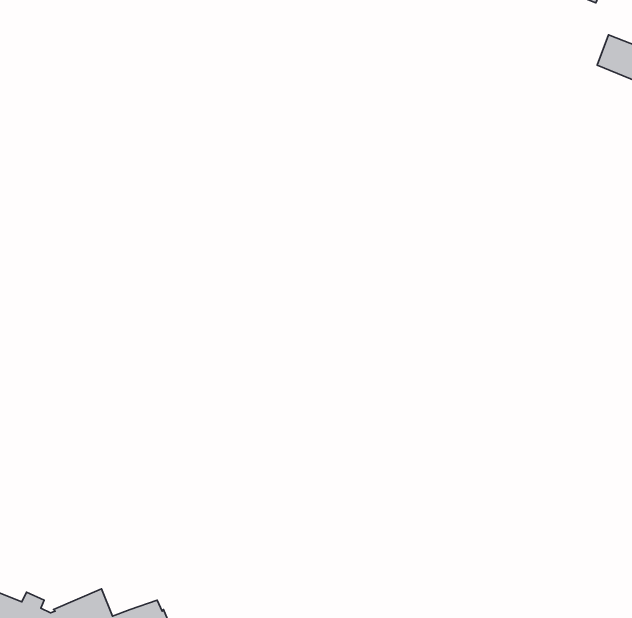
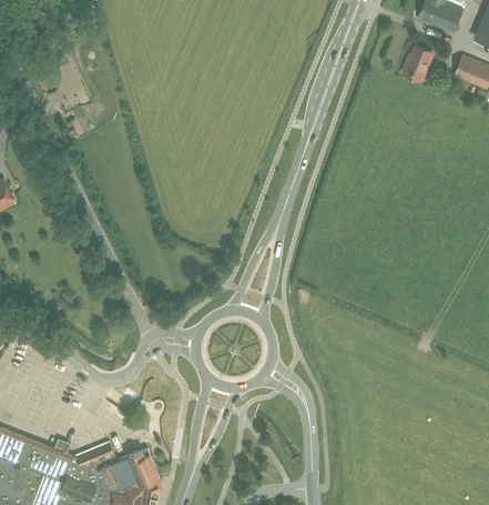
building: none -> [403,46,431,80]

